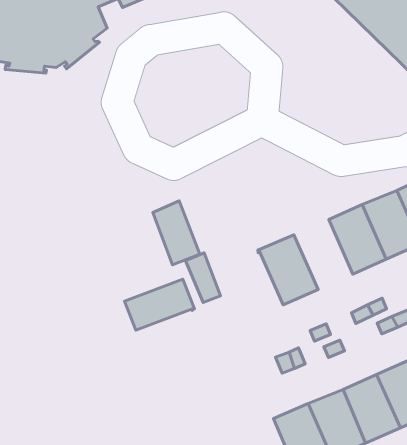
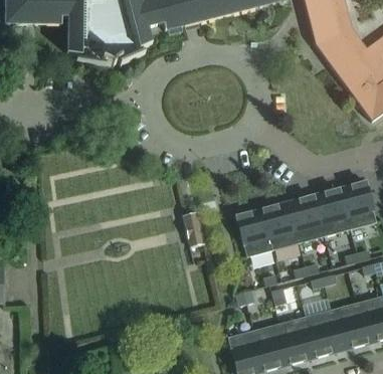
building: [153,201,200,265] -> none
building: none -> [262,201,300,249]
building: [125,279,195,330] -> none

